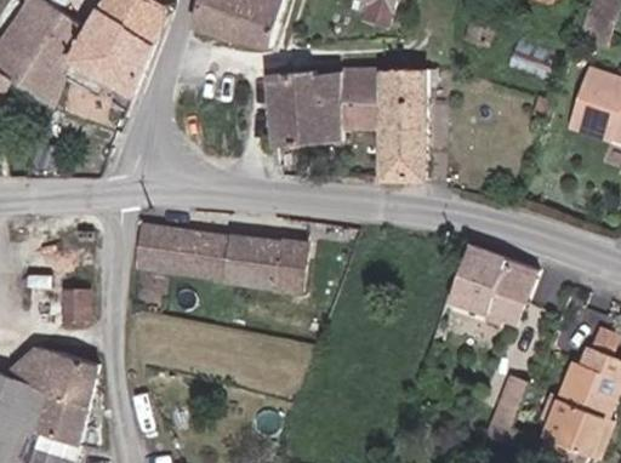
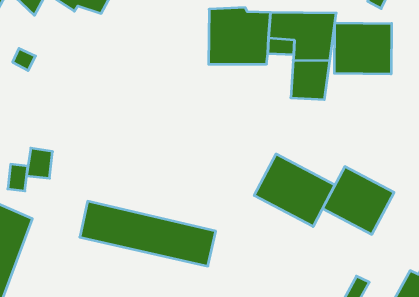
building: none -> [334,23,392,74]
building: [121,227,291,291] -> [80,201,216,266]
building: none -> [254,154,335,227]

